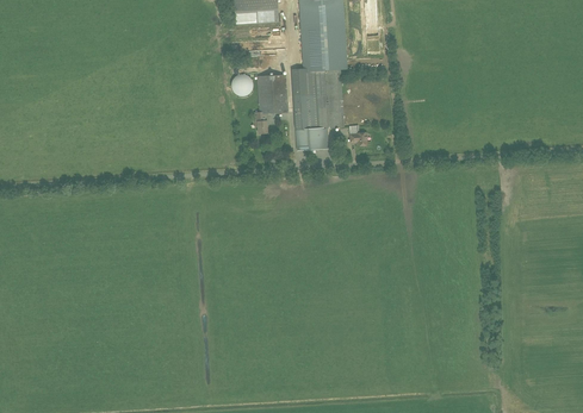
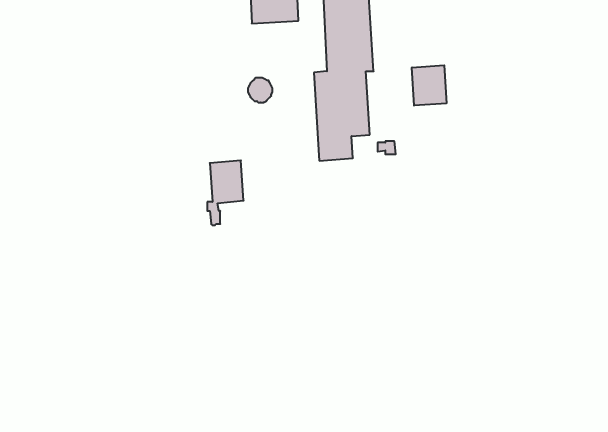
building: none -> [412,65,446,106]
building: [254,74,287,133] -> [207,160,244,225]

